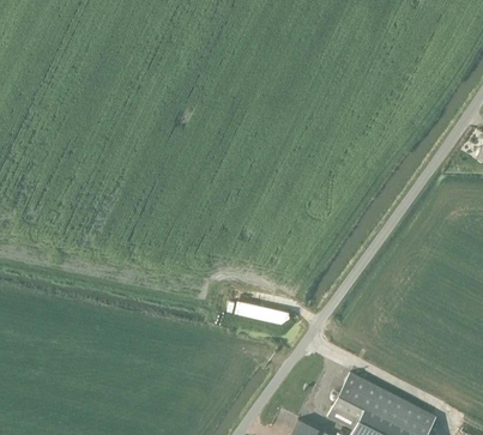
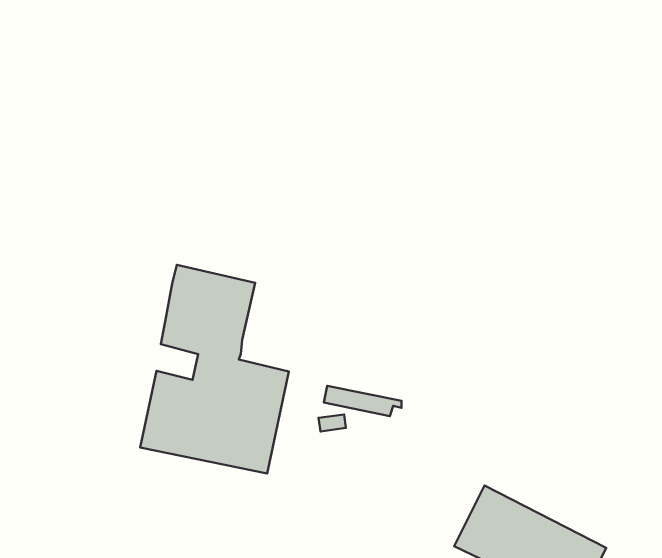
building: none -> [140,265,289,473]

